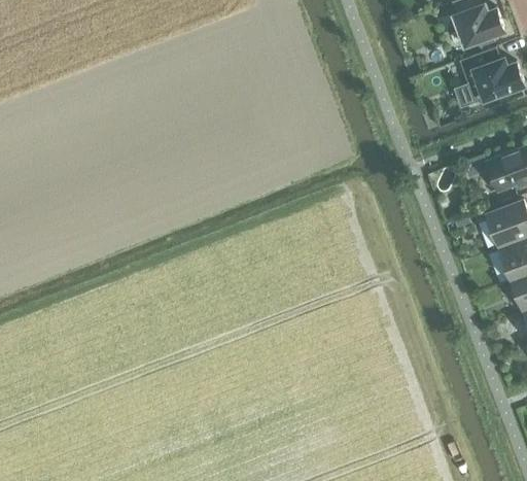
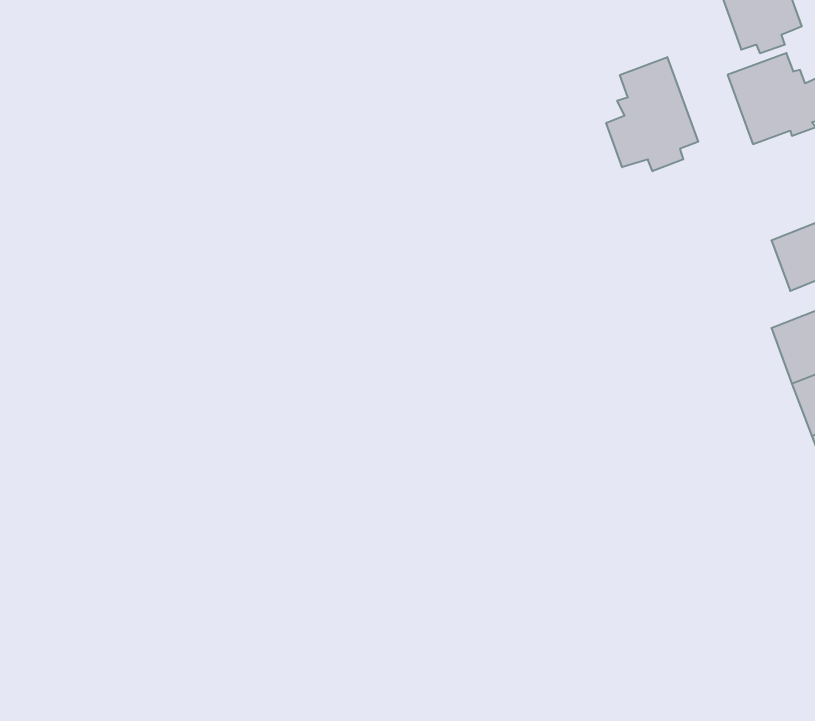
building: none -> [606,57,698,171]

